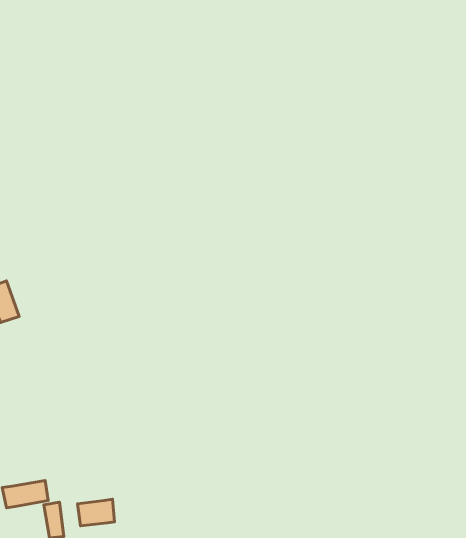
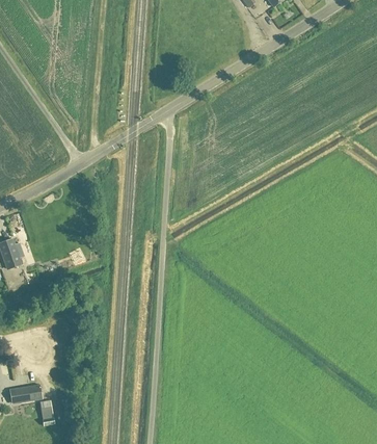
building: [77,499,114,526] -> none

